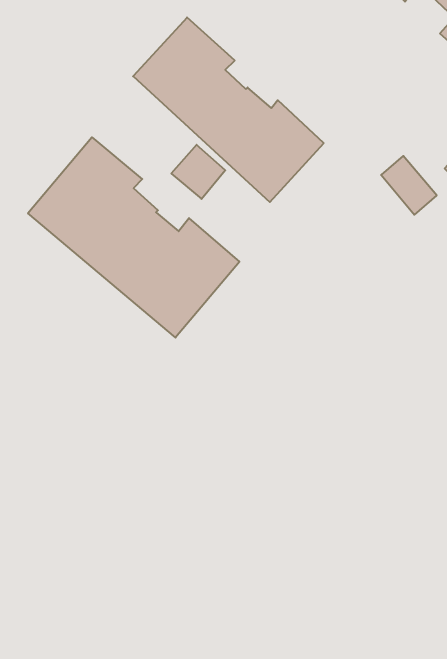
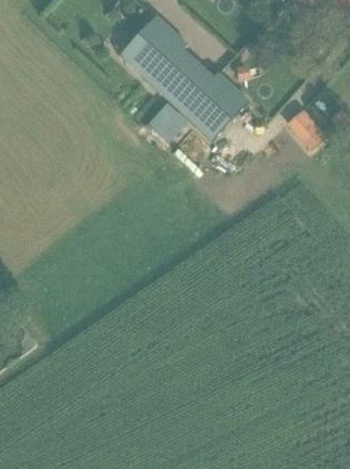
building: [28,137,239,338] -> none

